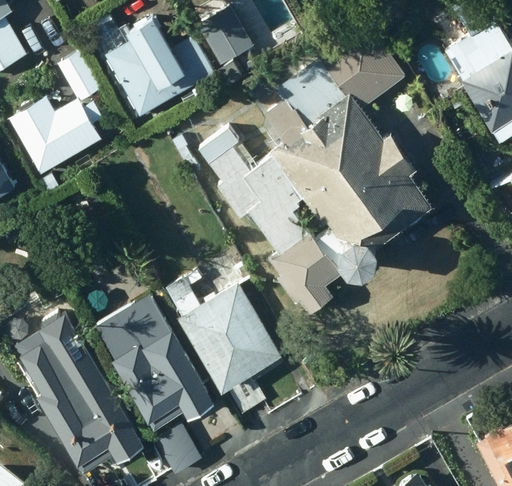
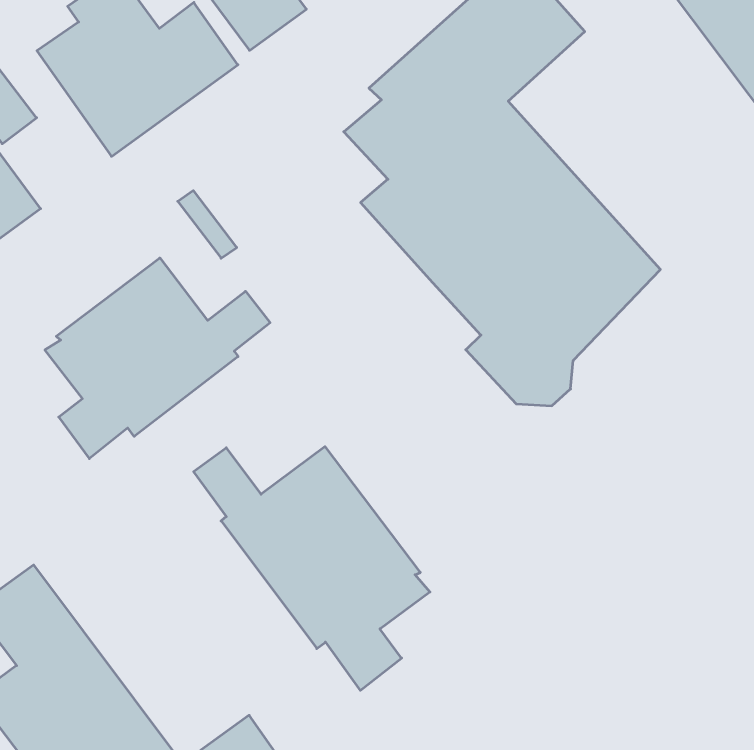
building: [199,128,341,314] -> none
building: none -> [45,258,270,459]
building: [94,295,214,430] -> none

